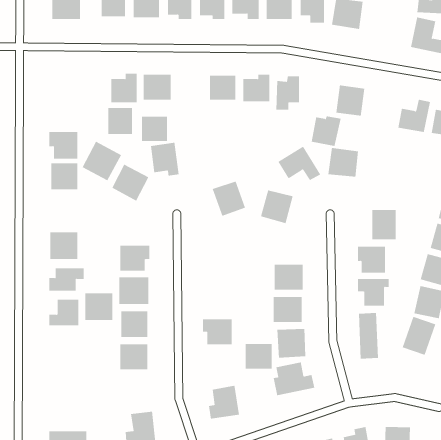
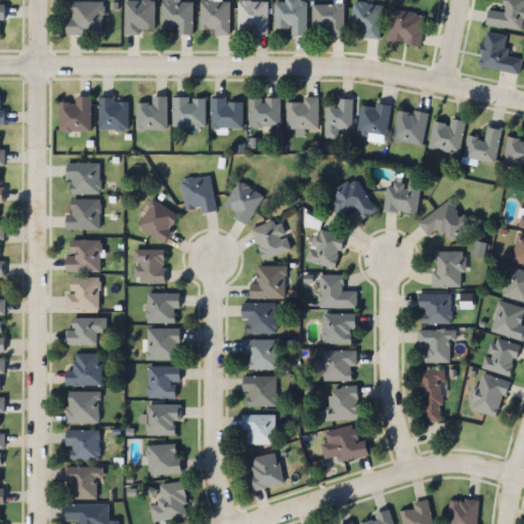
building: none -> [60,96,91,131]
building: none -> [428,119,465,155]
building: [108,108,133,135] -> [99,99,128,130]
building: [311,116,341,146] -> [357,103,392,138]
building: [141,116,168,141] -> [212,100,243,129]
building: [82,141,122,181] -> none
building: none -> [224,181,263,224]
building: none -> [418,201,469,241]
building: none -> [67,239,100,271]
building: none -> [134,249,167,283]
building: none -> [250,266,286,298]
building: none -> [318,275,357,307]
building: none -> [243,304,275,334]
building: none -> [241,340,277,370]
building: [84,293,113,321] -> [67,392,99,424]
building: [245,343,273,369] -> [243,414,274,444]
building: none -> [66,430,99,461]
building: none -> [147,444,180,475]
building: none -> [66,467,99,499]

